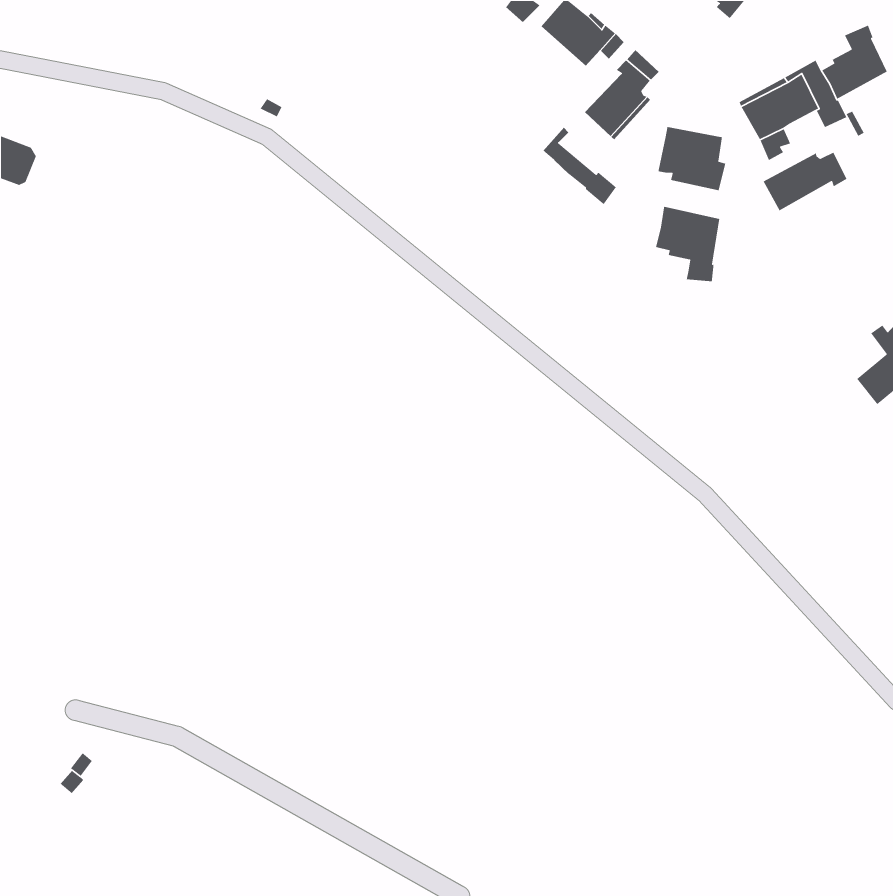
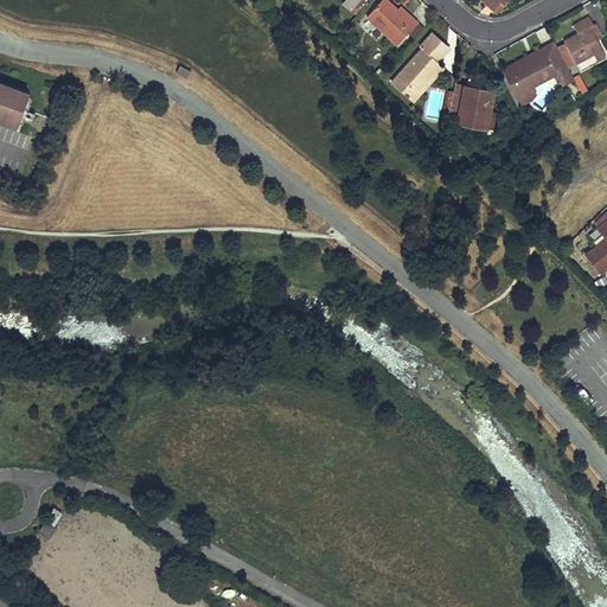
building: [542,127,617,205] -> none
building: [762,151,848,211] -> none
building: [655,206,720,282] -> none

